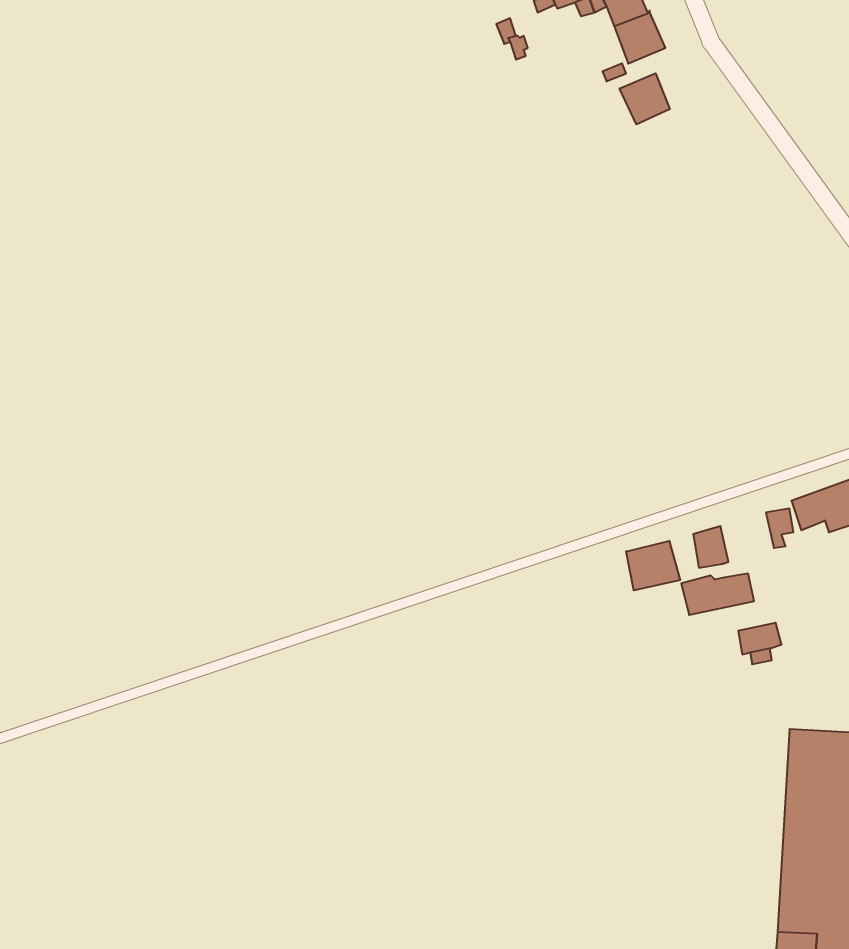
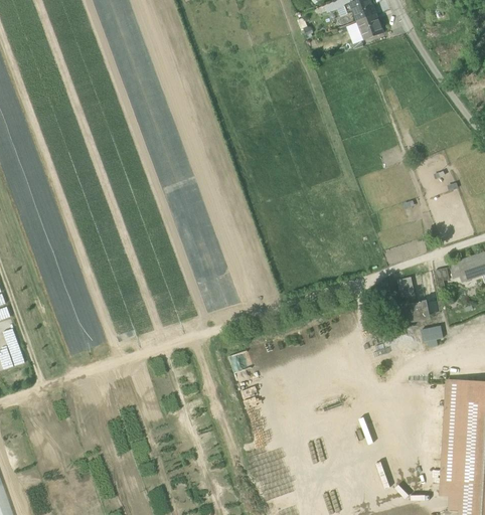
building: [620,73,670,124] -> none
building: [626,541,680,590] -> none

